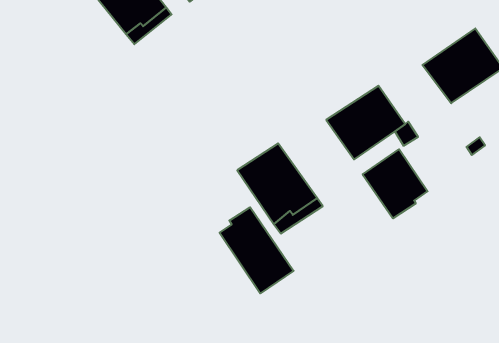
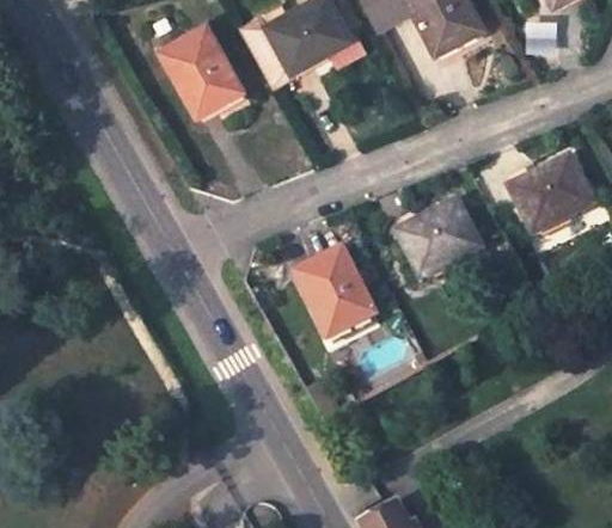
building: [363,149,428,218] -> none
building: [220,207,294,293] -> none

